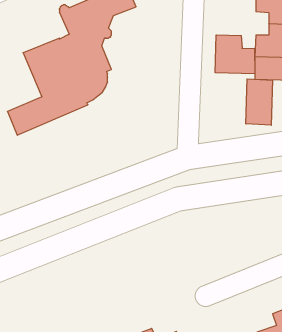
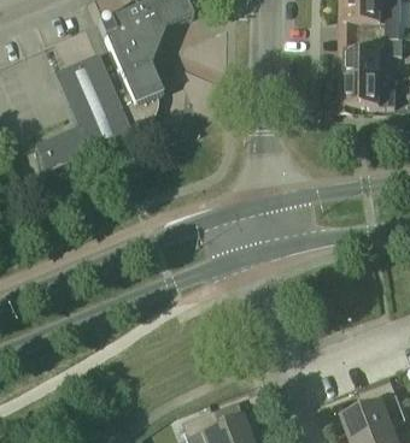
building: [215,35,255,74] -> none
building: [246,79,272,125] -> none

